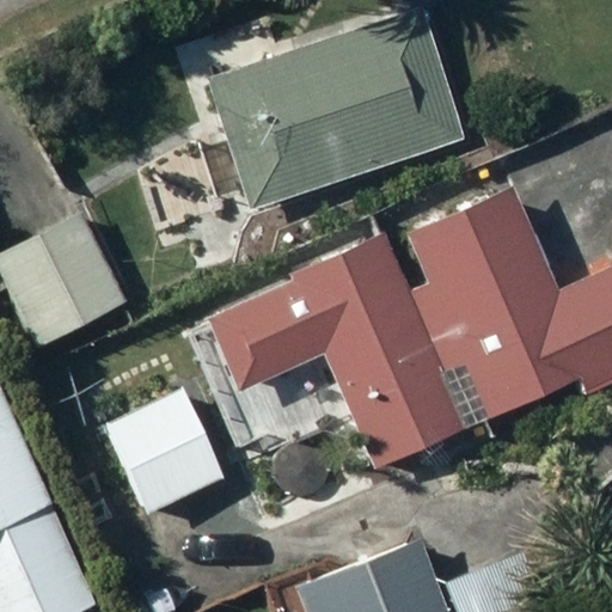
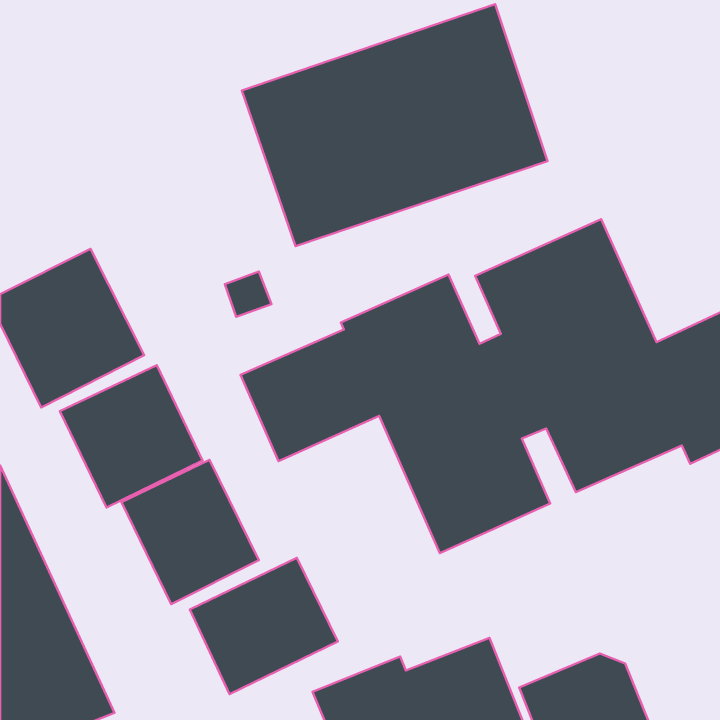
building: none -> [60,365,202,507]
building: none -> [190,558,338,694]

